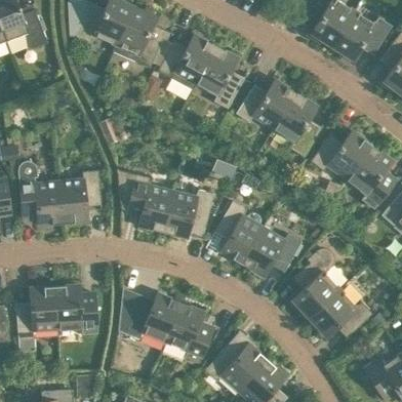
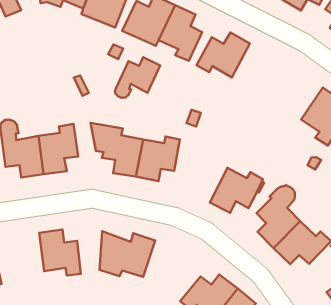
building: [274,93,322,157] -> none
building: none -> [115,57,160,98]
building: [311,131,372,179] -> none
building: [215,201,264,265] -> none
building: [15,287,57,353] -> none
building: [165,303,212,364] -> none

